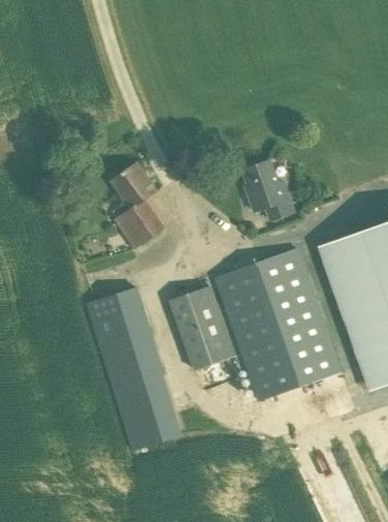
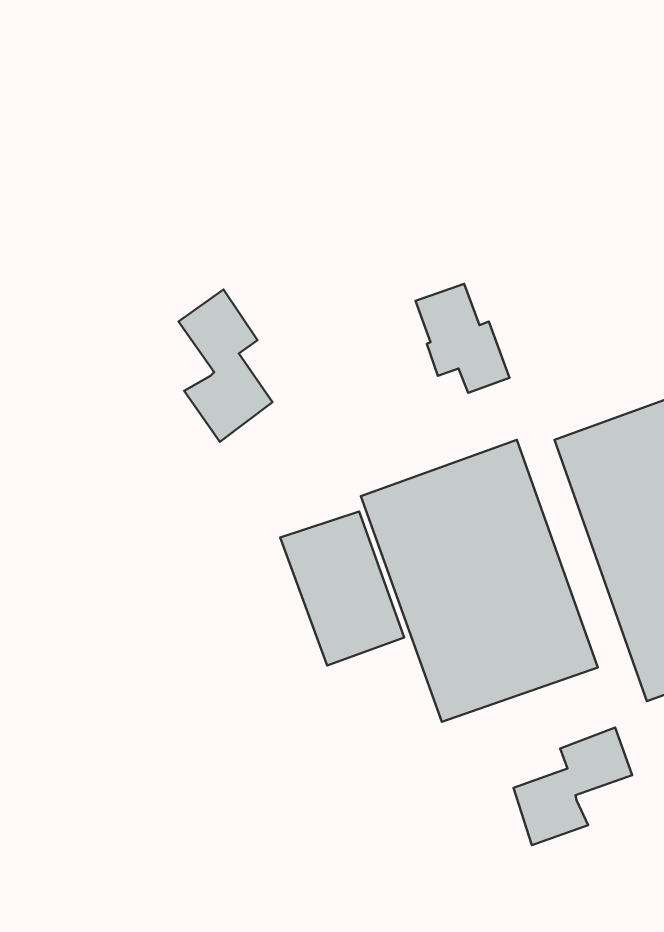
building: [85,286,184,452] -> none
building: none -> [513,728,632,845]

